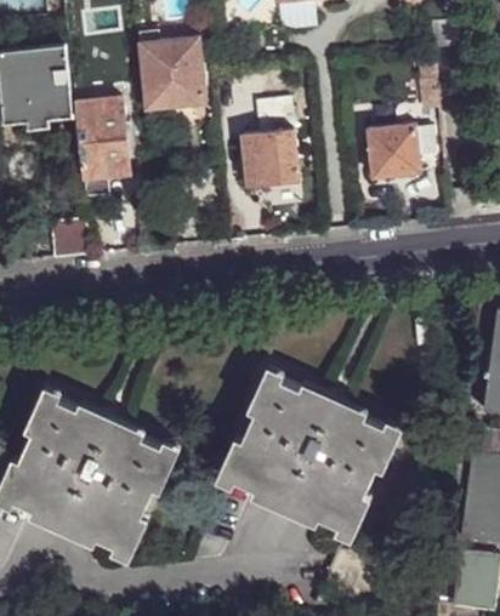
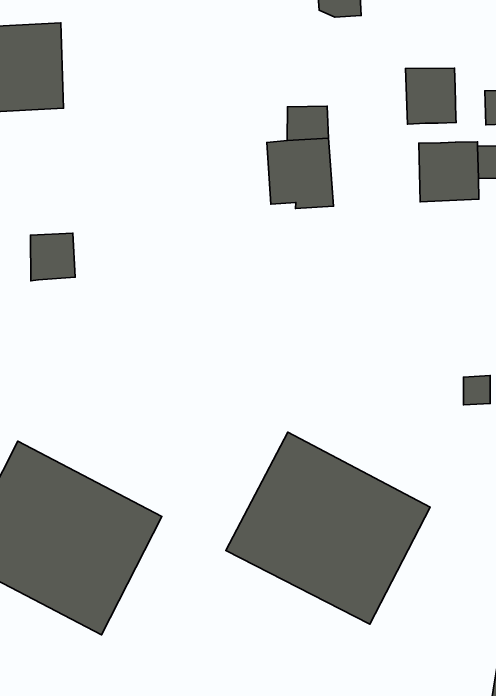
building: [140,38,205,112] -> none
building: none -> [406,68,456,124]
building: [74,99,129,181] -> none

